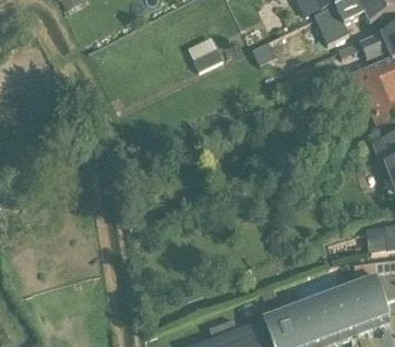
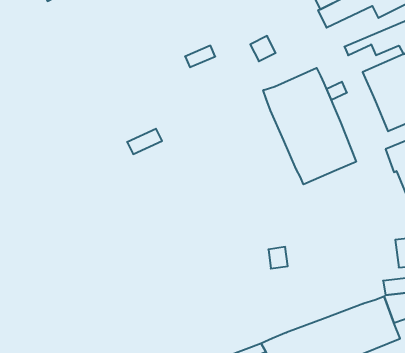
building: none -> [263,68,356,184]

